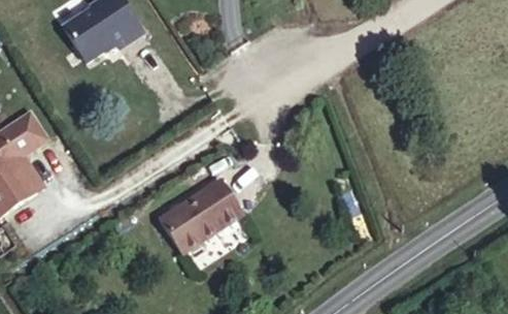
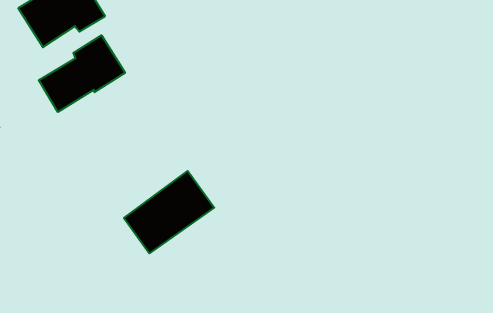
building: none -> [39,35,125,112]

